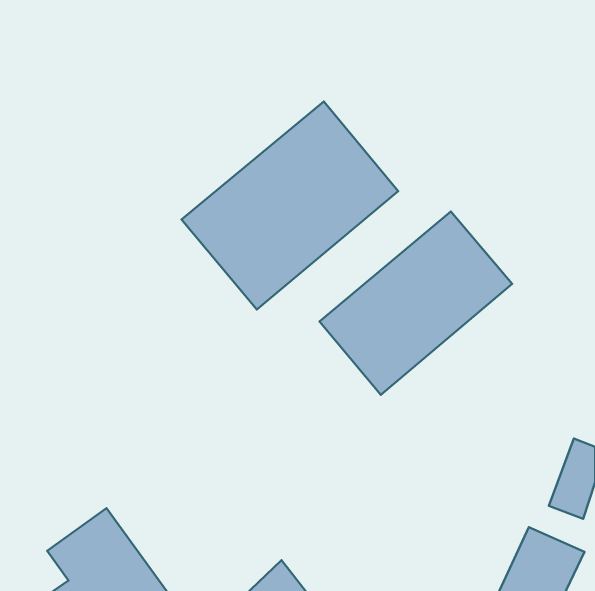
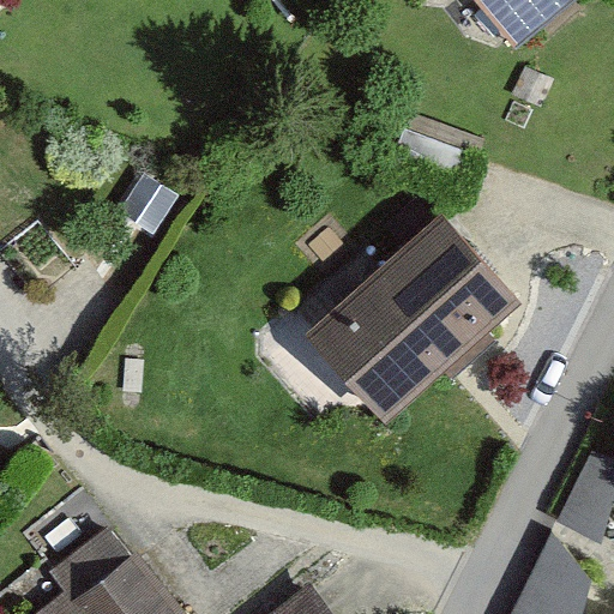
building: [181,101,398,309] -> none

